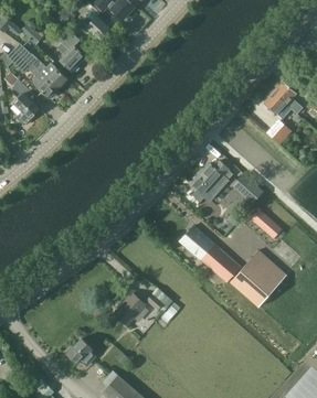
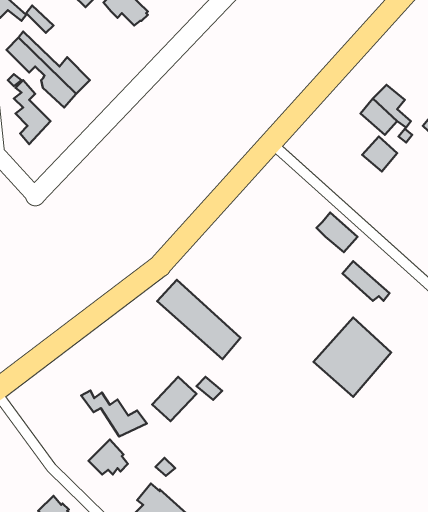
building: [56,30,85,73] -> none
building: [190,160,230,196] -> none
building: [179,225,240,282] -> [157,280,241,359]
building: none -> [81,390,147,437]

